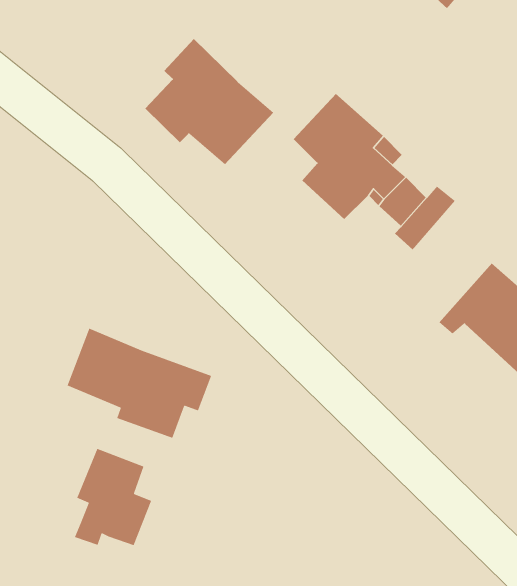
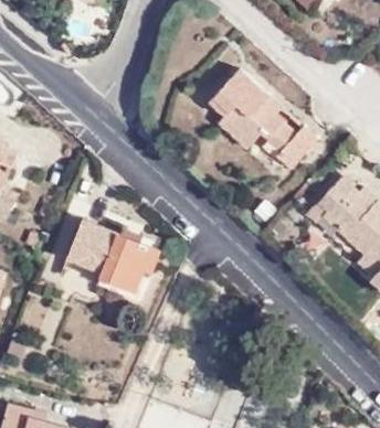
building: [144,38,274,165] -> none
building: [74,448,152,546] -> none

